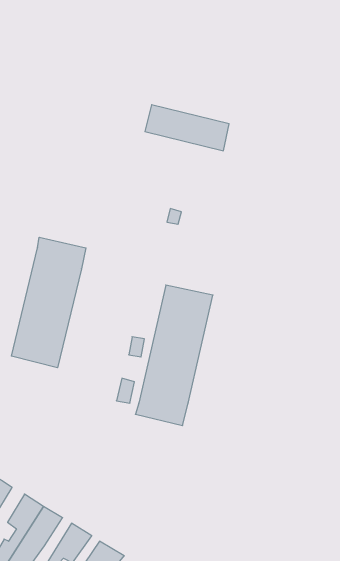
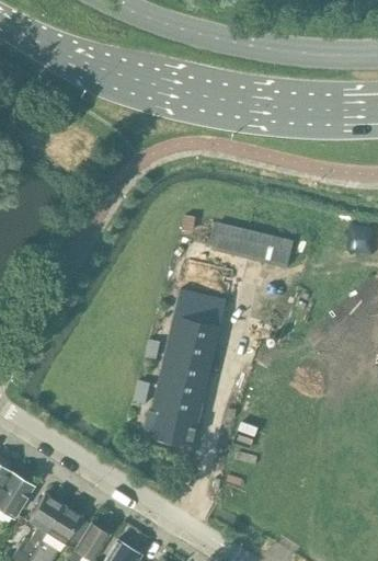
building: [145,105,229,151] -> [210,222,293,267]
building: [11,237,86,368] -> none
building: none -> [148,415,197,445]

